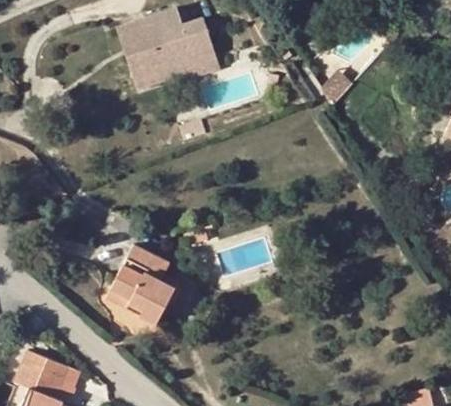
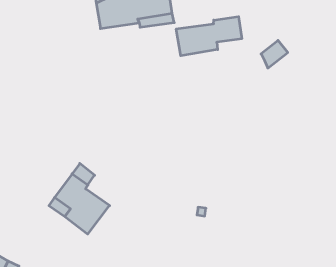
building: none -> [176,17,242,56]

